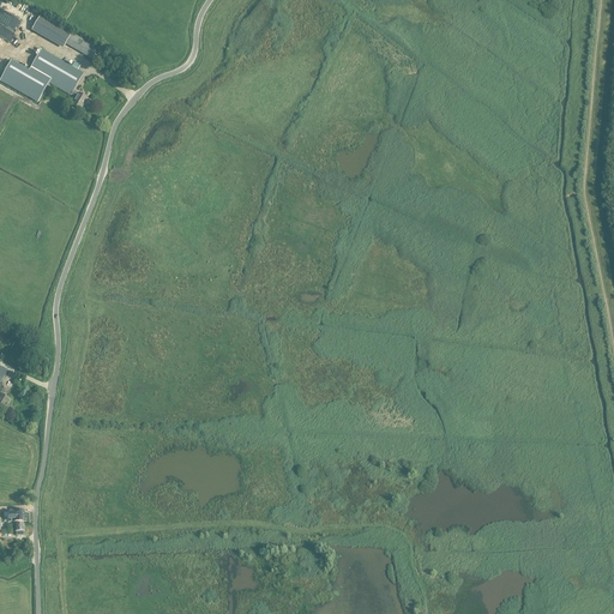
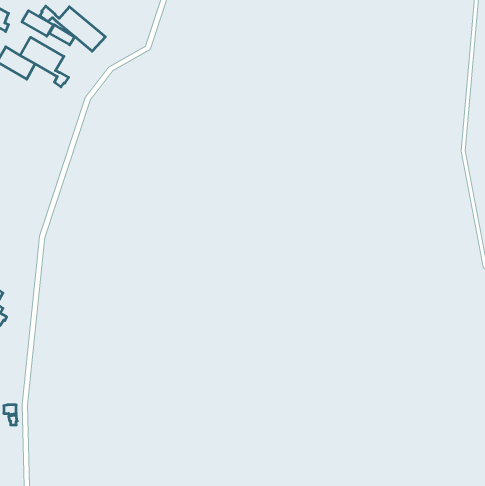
building: none -> [40,6,105,51]

